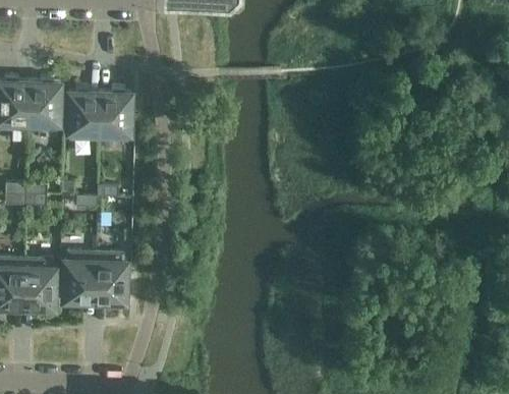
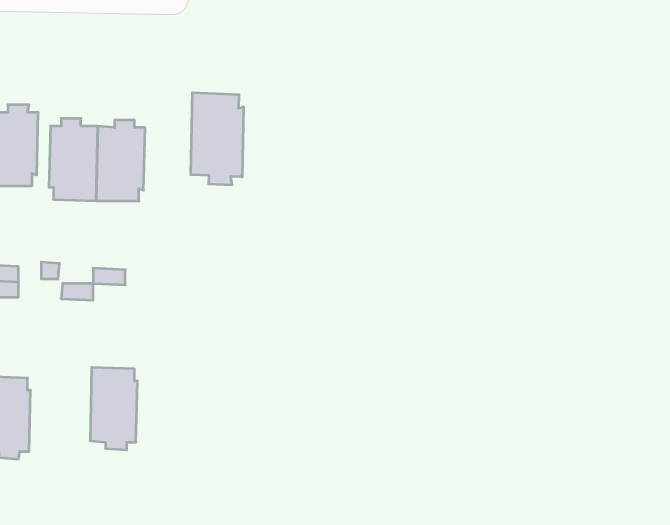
building: none -> [191,93,243,185]
building: [62,252,95,307] -> none

